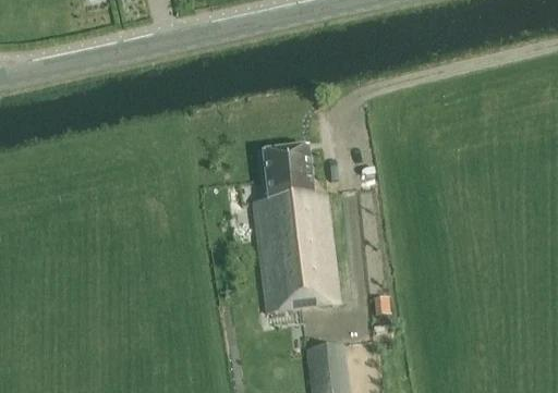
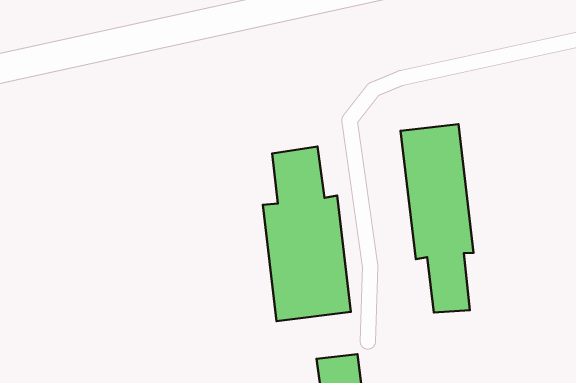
building: none -> [401,124,474,313]

